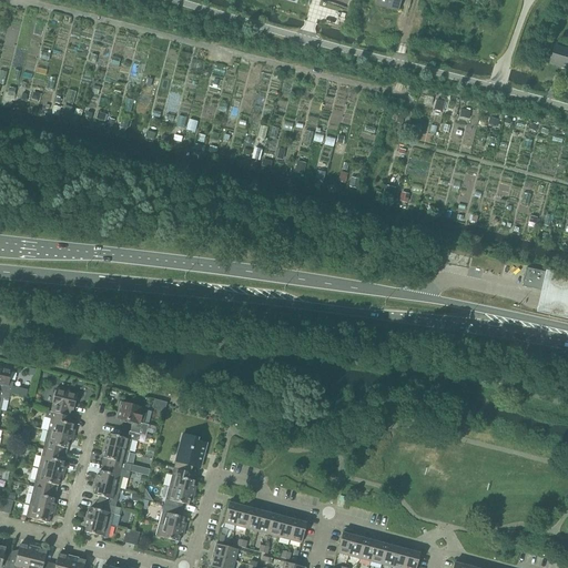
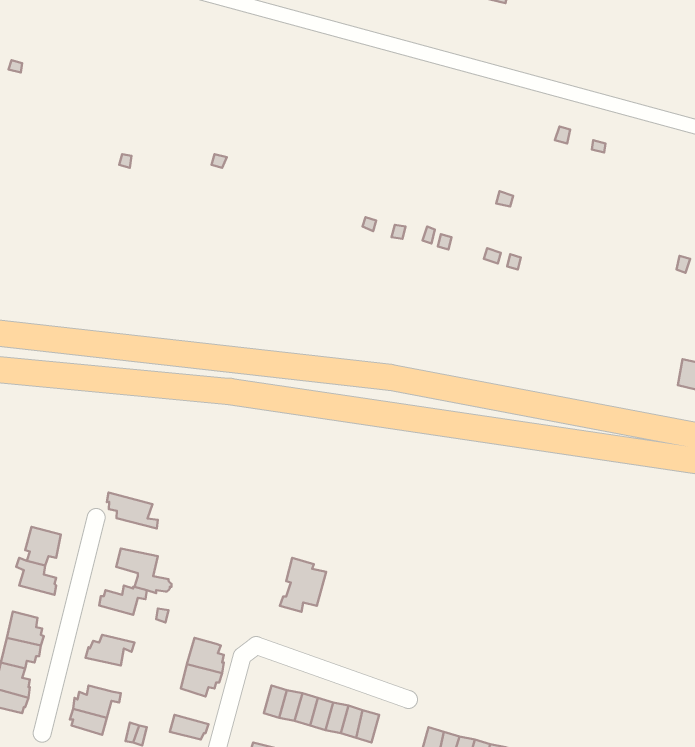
building: none -> [107,492,158,528]
building: [43,430,73,454] -> none
building: [174,434,207,473] -> [280,558,326,612]
building: [103,445,132,471] -> none
building: [94,483,121,507] -> none
building: [160,505,186,530] -> none

